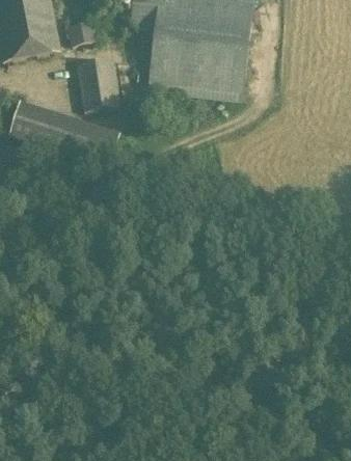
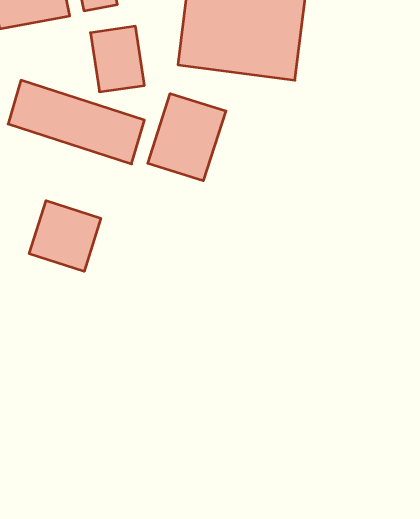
building: none -> [148,94,226,181]
building: none -> [29,201,101,271]

